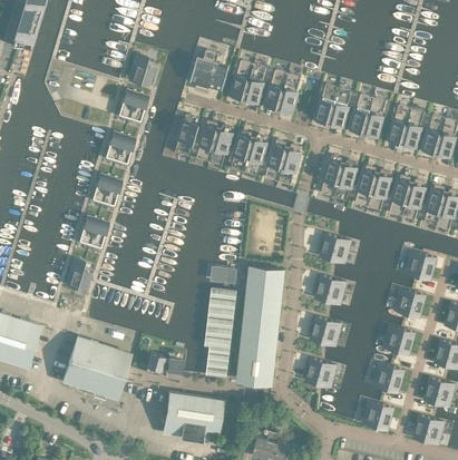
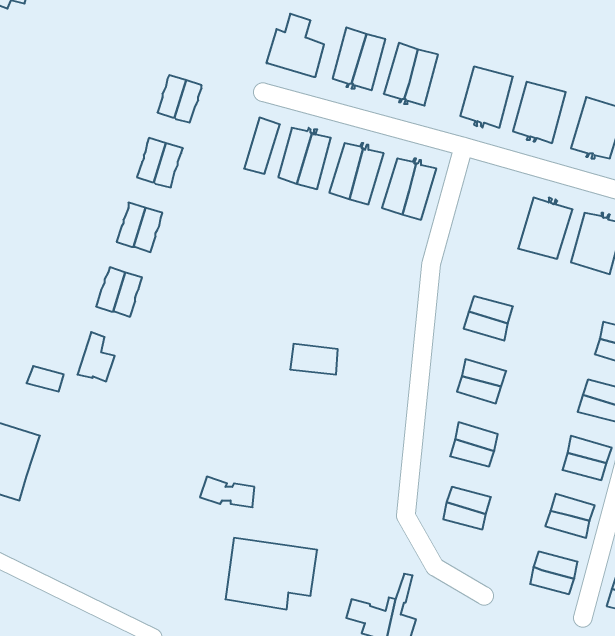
building: [129,55,153,86] -> none
building: [320,160,355,200] -> none
building: [238,266,283,381] -> none
building: [204,290,236,380] -> none
building: [62,337,130,398] -> none

